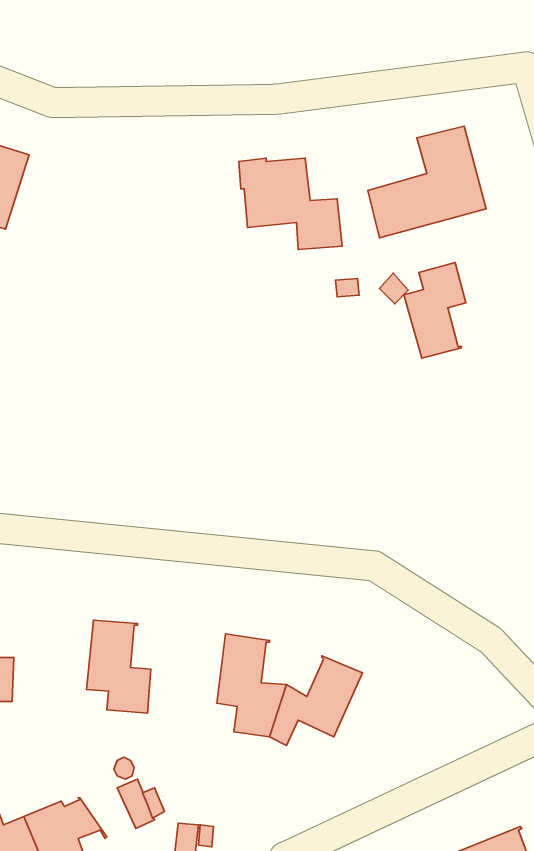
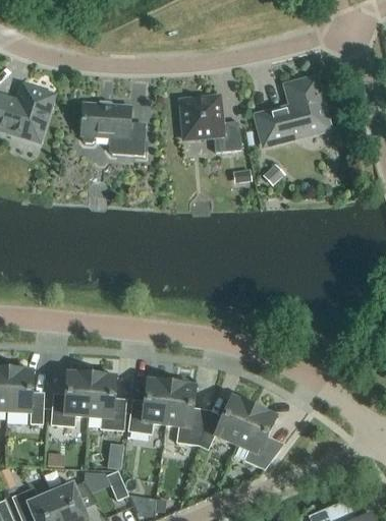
building: none -> [80,102,145,155]
building: [404,263,466,358] -> none
building: none -> [51,372,92,426]
building: none -> [127,380,171,433]
building: none -> [234,406,281,469]

